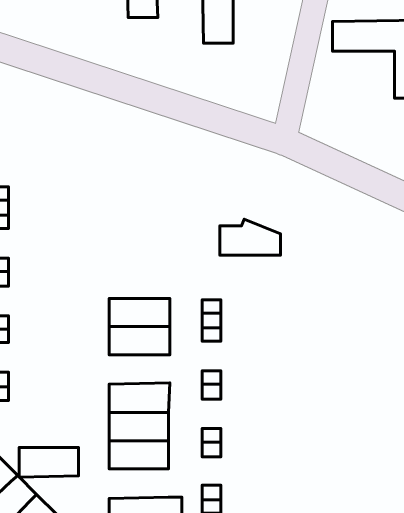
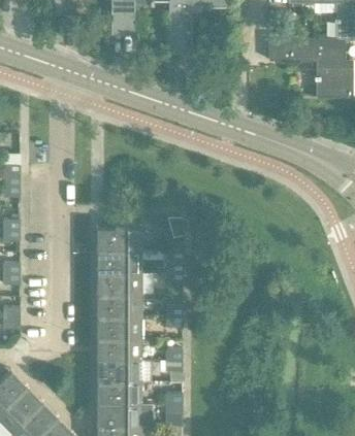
building: [220,219,280,255] -> [96,222,142,249]
building: none -> [96,293,142,315]
building: [19,448,78,477] -> [96,380,141,403]

